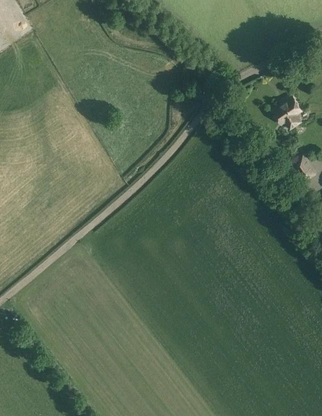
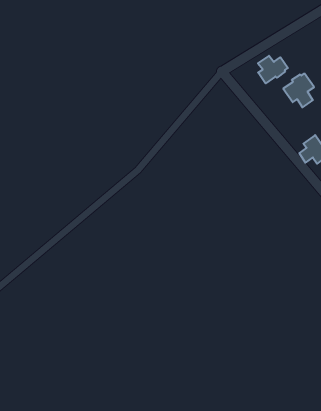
building: none -> [258,56,288,83]

